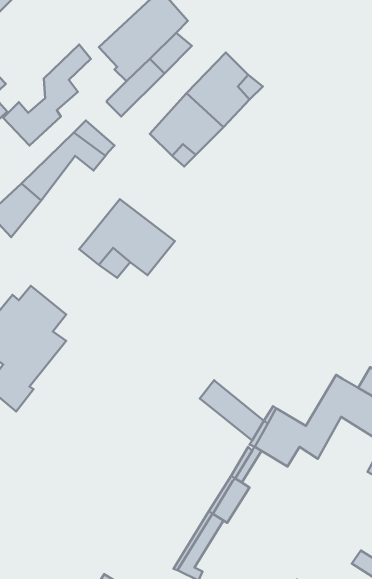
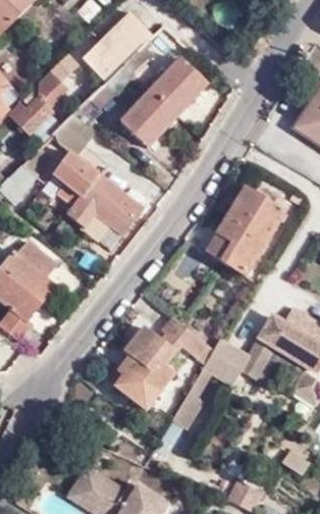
building: none -> [52,152,99,208]
building: none -> [201,184,283,272]
building: none -> [112,322,171,405]

